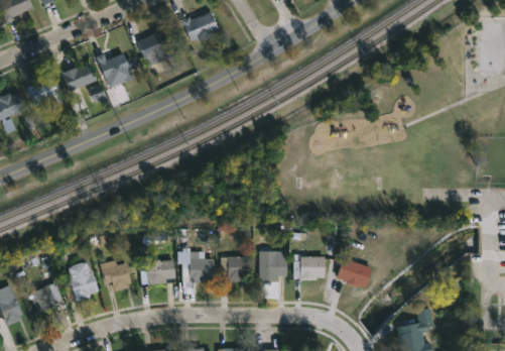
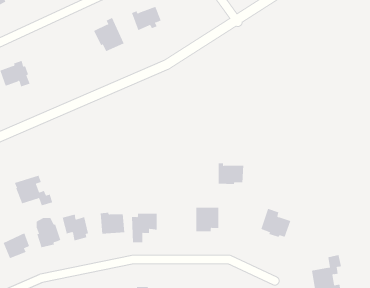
building: [96,52,134,88] -> none
building: [60,61,97,90] -> none
building: none -> [14,175,53,206]
building: [294,253,326,279] -> [218,163,244,185]
building: [221,256,247,281] -> none

